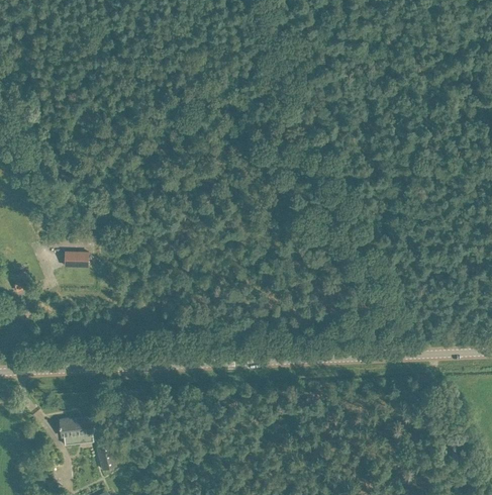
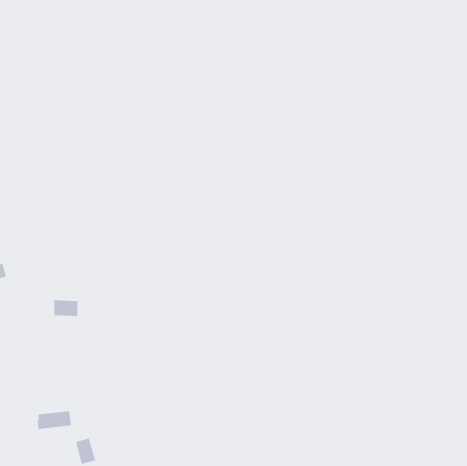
building: [64,252,88,268] -> [53,300,78,316]

